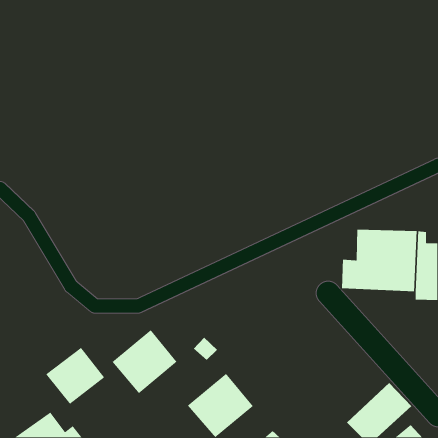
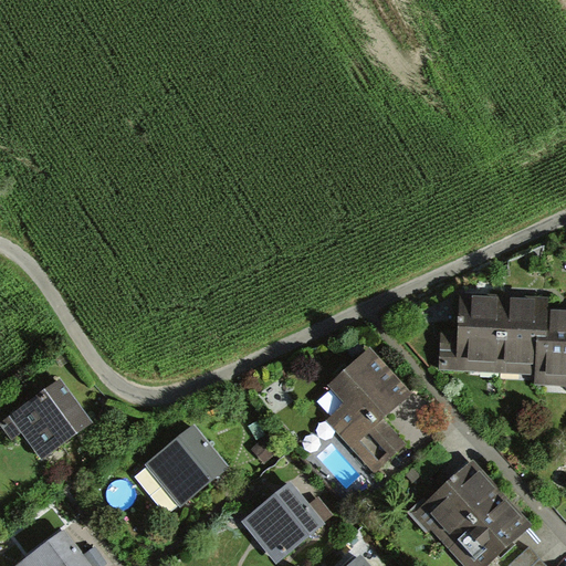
building: none -> [326,347,411,471]
building: [45,347,105,405] -> [8,382,85,458]
building: none -> [410,461,502,545]

